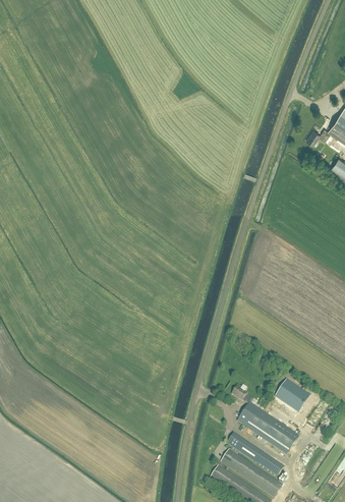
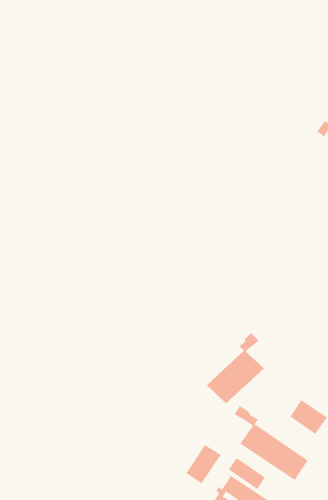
building: none -> [206,332,265,404]
building: none -> [186,444,222,484]

